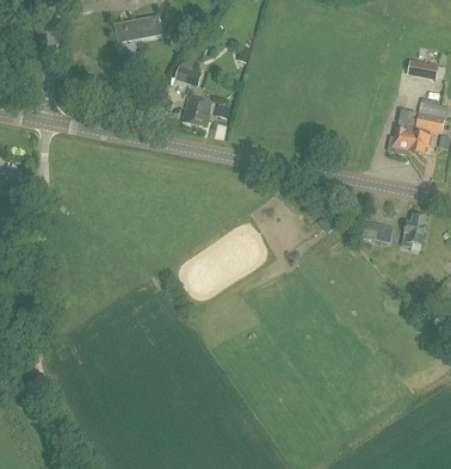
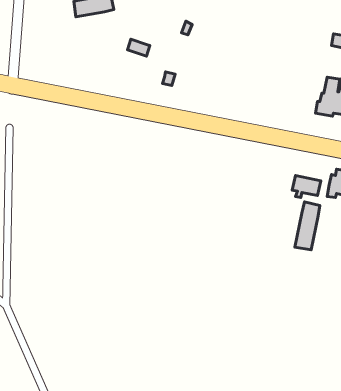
building: [181,95,211,126] -> none
building: none -> [295,202,320,250]

